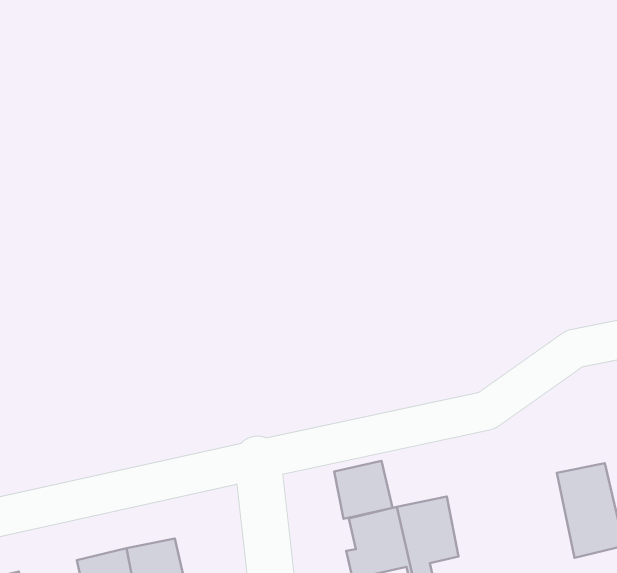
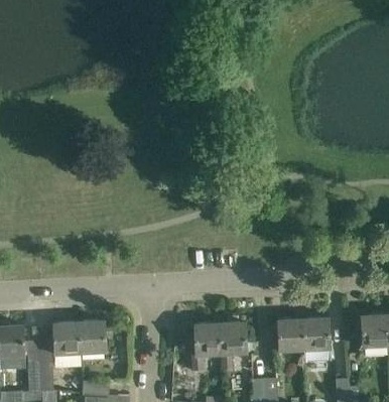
building: [334,461,393,519] -> none
building: none -> [278,318,305,363]

